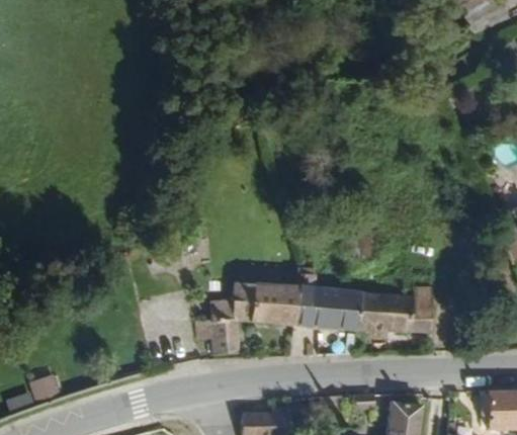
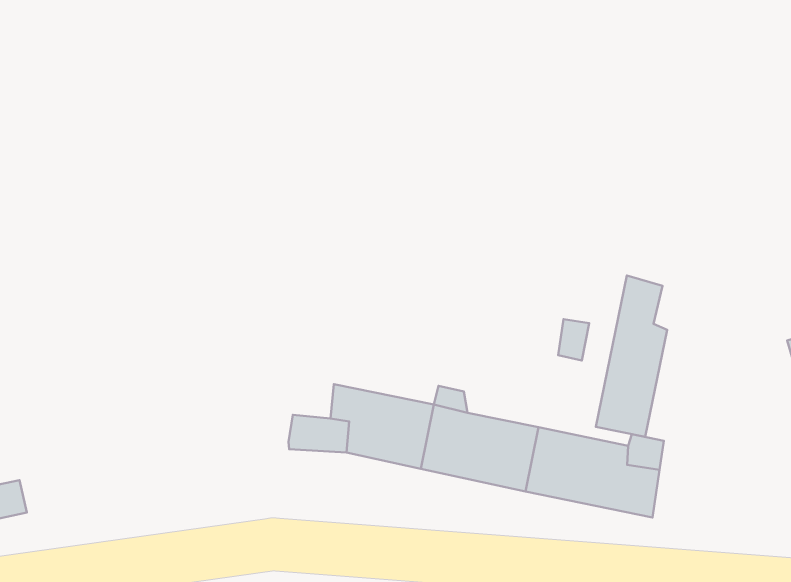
building: none -> [596,275,667,437]
building: [196,321,240,355] -> none

